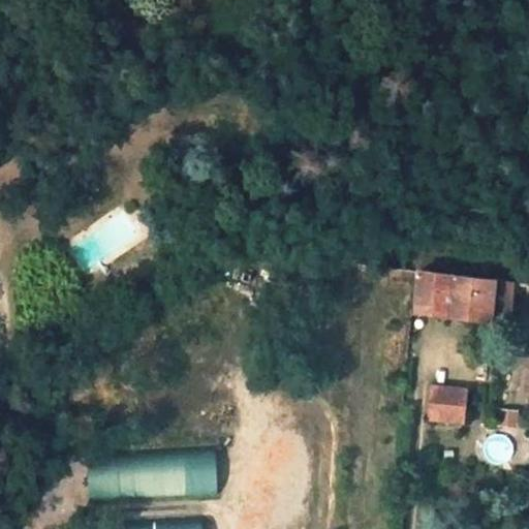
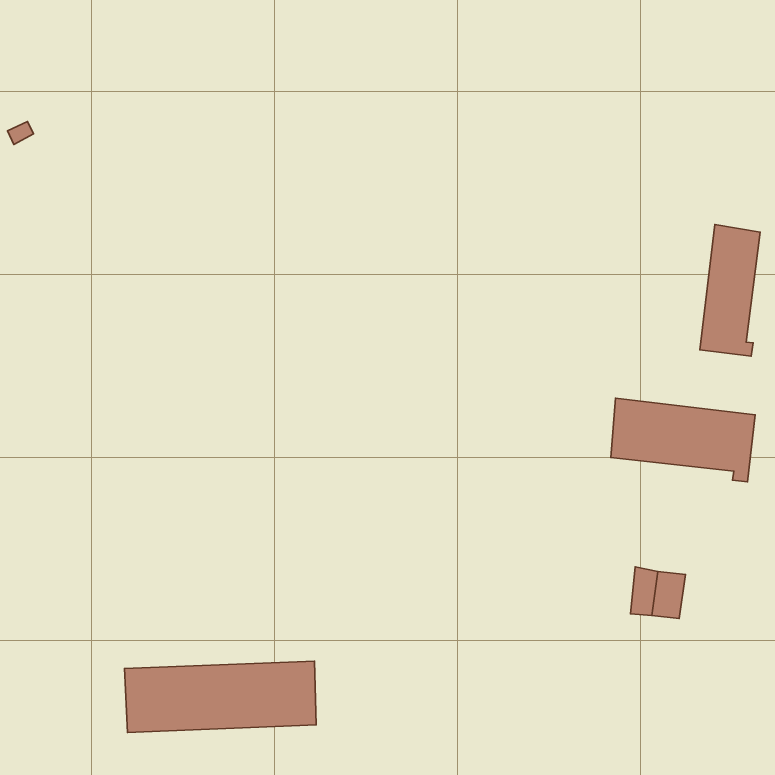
building: none -> [700,224,760,356]

